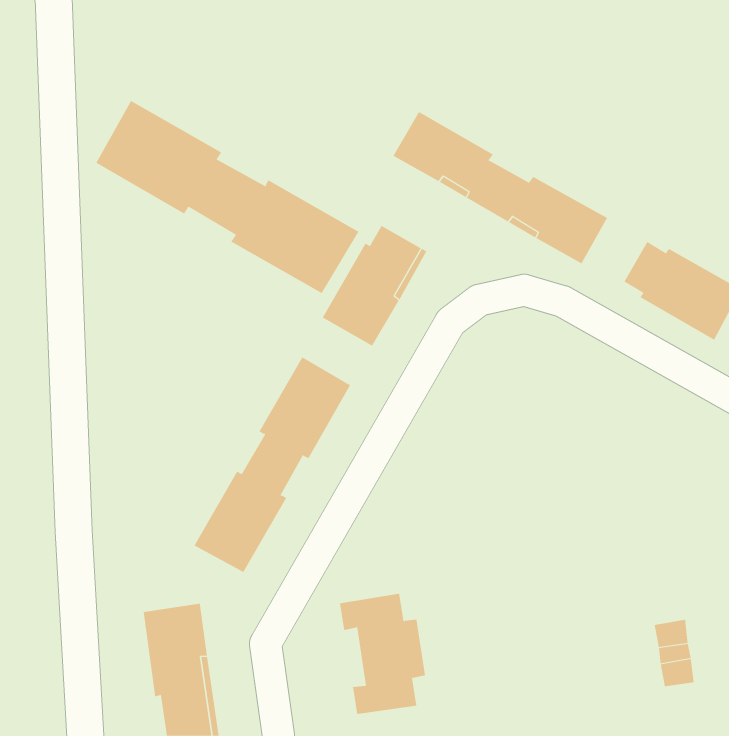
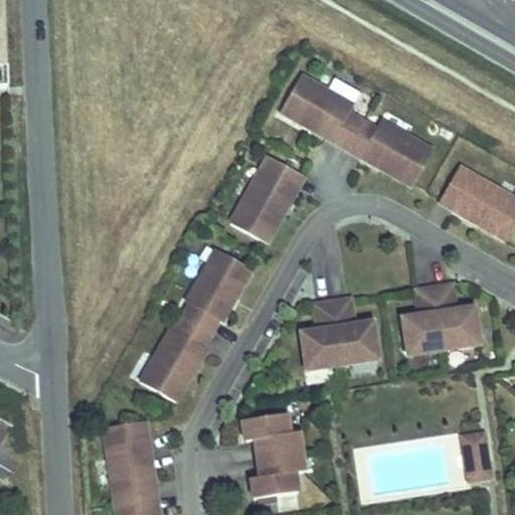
building: [96,100,359,294] -> none
building: none -> [401,283,478,353]
building: none -> [300,298,376,368]

